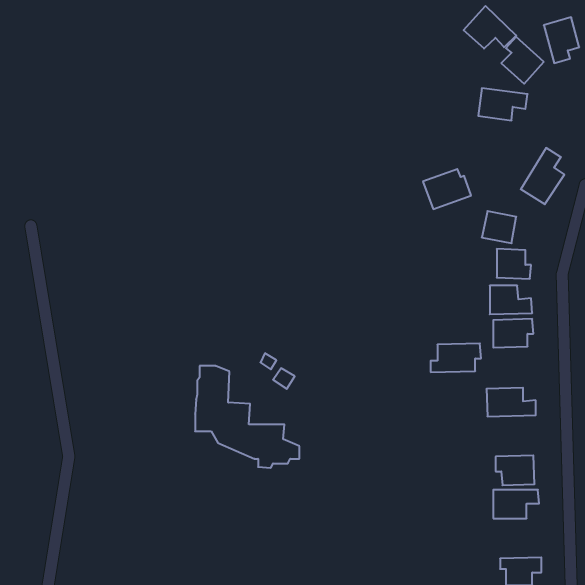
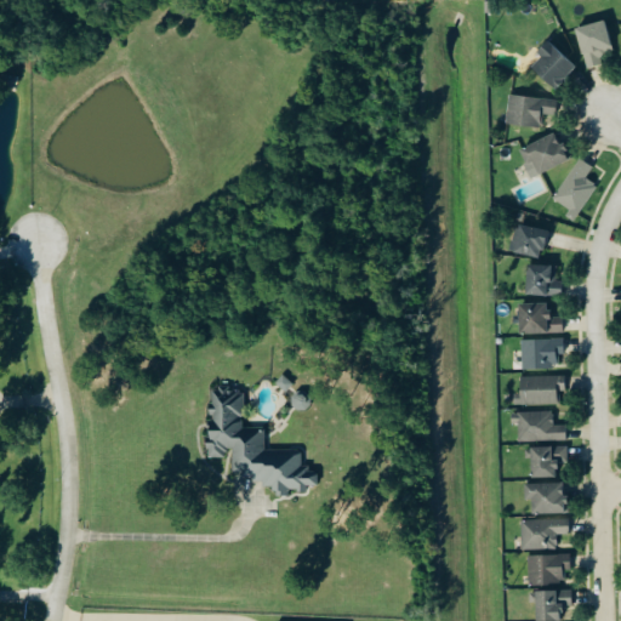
building: [464,6,516,49] -> none
building: [423,169,471,209] -> [518,133,569,176]
building: [431,343,481,372] -> [512,375,565,405]
building: none -> [529,446,568,477]
building: none -> [528,553,571,585]

